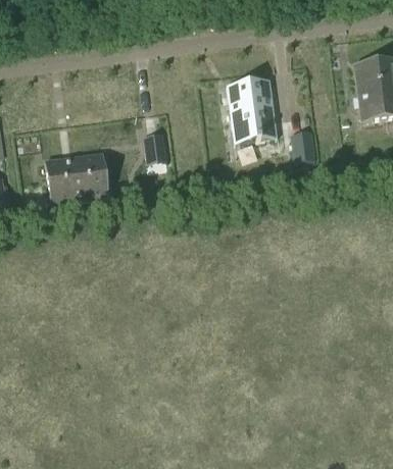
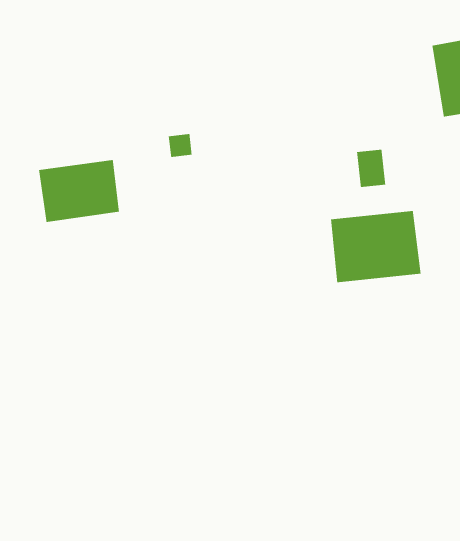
building: [226,77,277,143] -> none
building: none -> [330,210,421,283]

